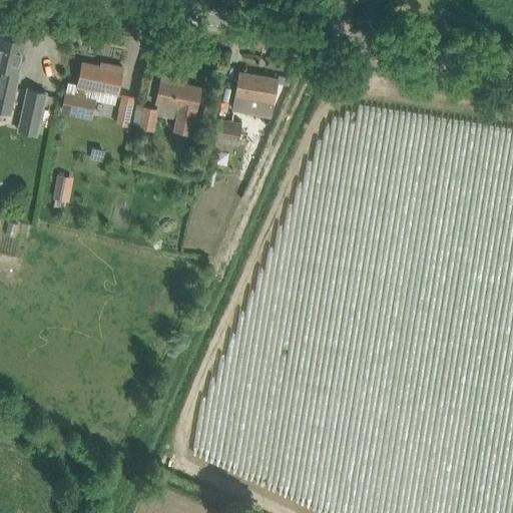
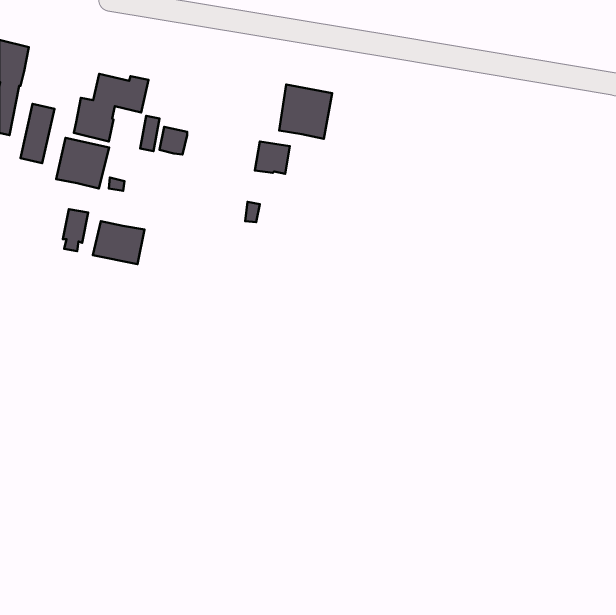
building: [155,76,200,134] -> none
building: none -> [56,138,109,188]
building: none -> [93,221,144,264]

